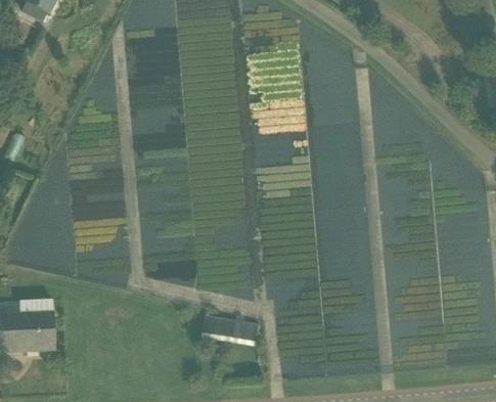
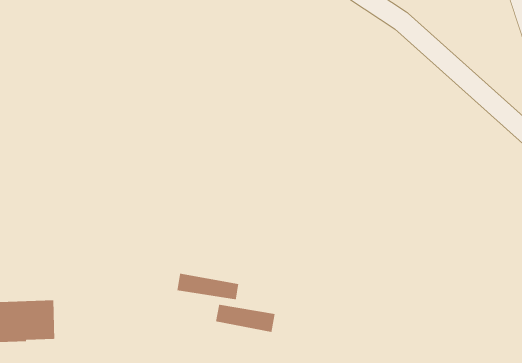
building: none -> [177,273,239,300]

